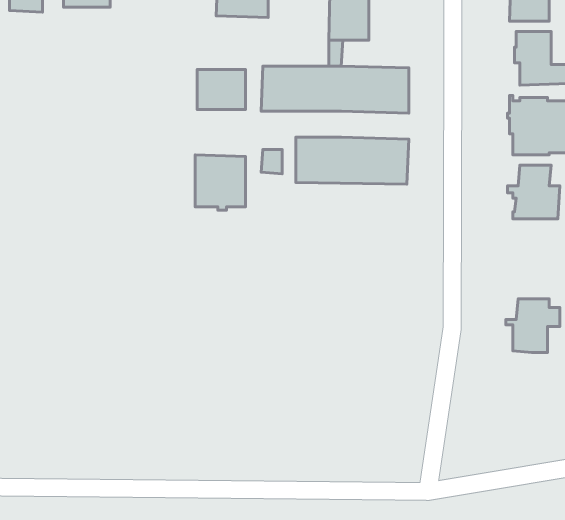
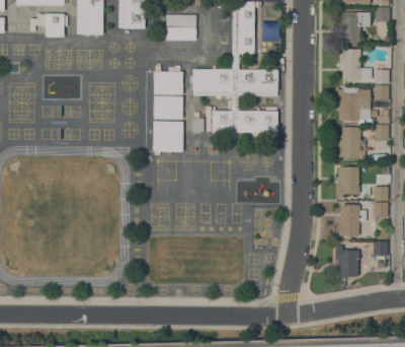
building: none -> [153,96,182,119]
building: none -> [335,166,358,198]
building: none -> [335,246,358,277]

